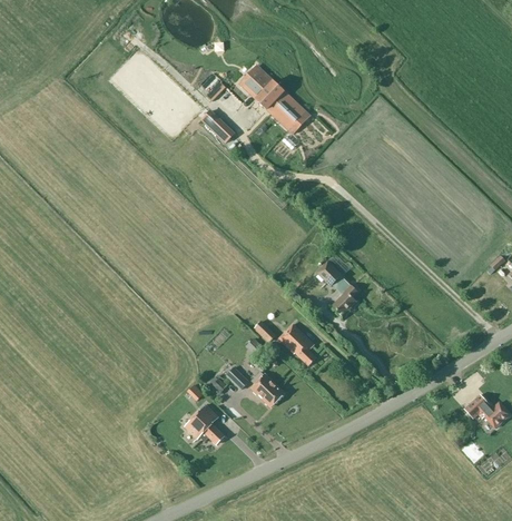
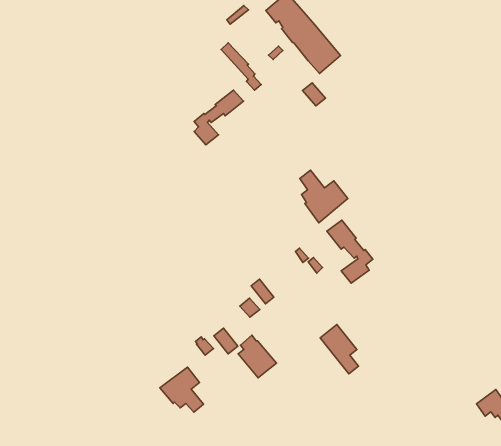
building: none -> [194,90,243,145]
building: none -> [300,170,348,223]
building: [279,323,316,365] -> [320,324,359,374]

